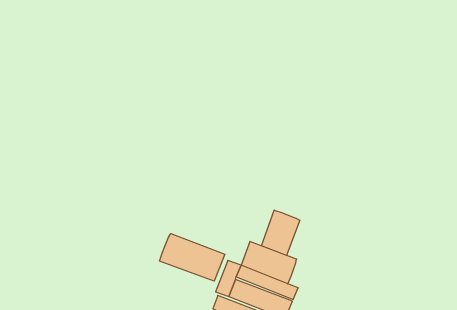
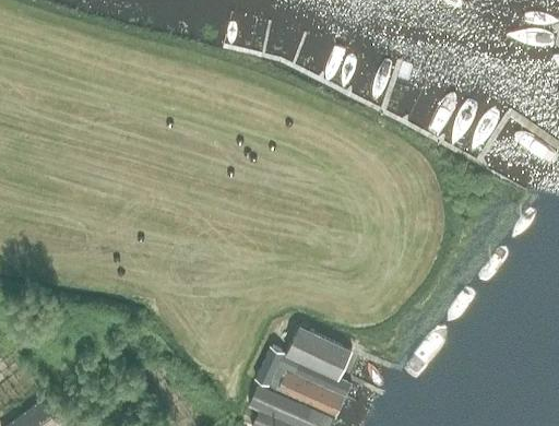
building: [262,210,300,255] -> none
building: [160,234,225,281] -> none

